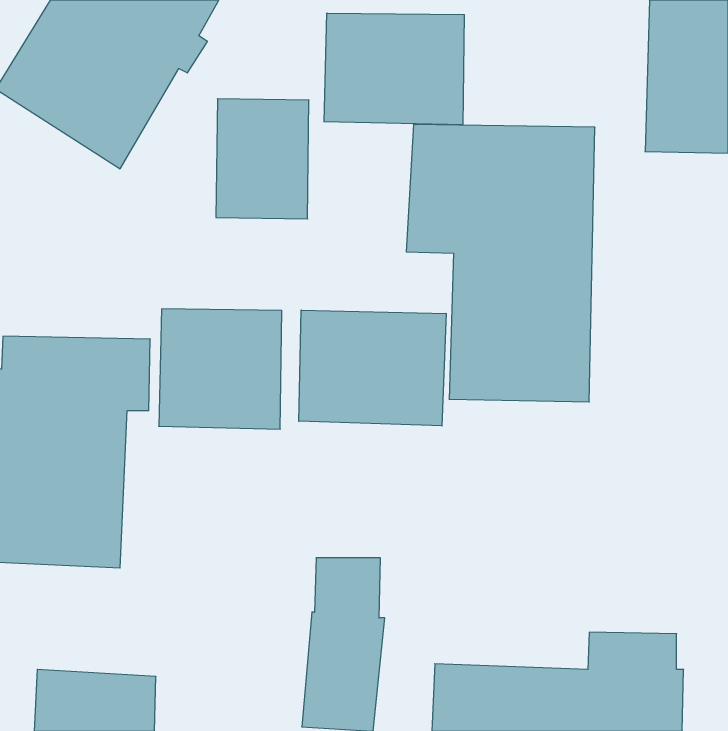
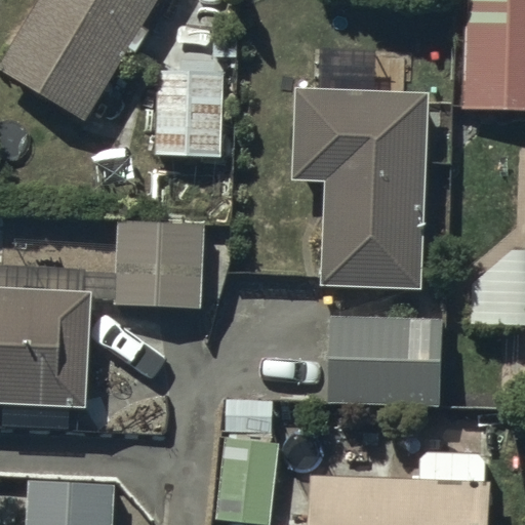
building: [324,13,464,125] -> none
building: [299,310,446,426] -> none
building: none -> [330,316,445,404]

